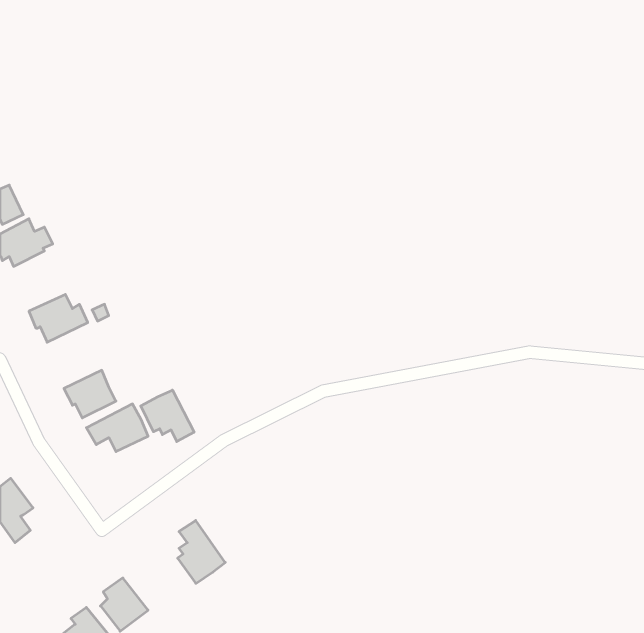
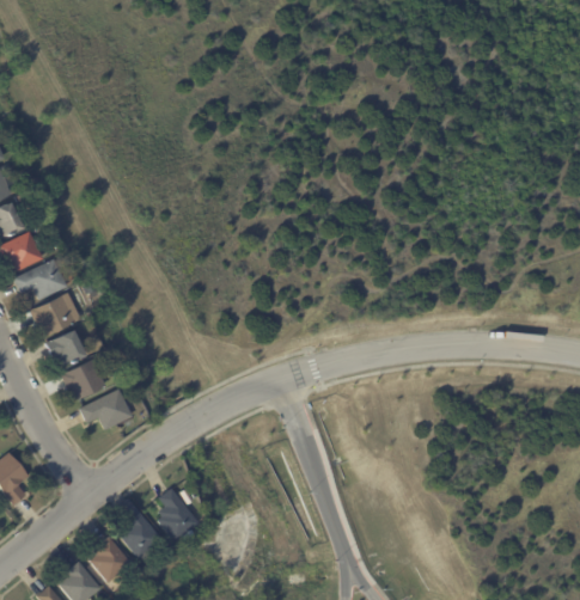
building: none -> [16,259,67,300]
building: none -> [43,330,88,365]
building: [141,390,194,442] -> none
building: none -> [115,498,160,558]

